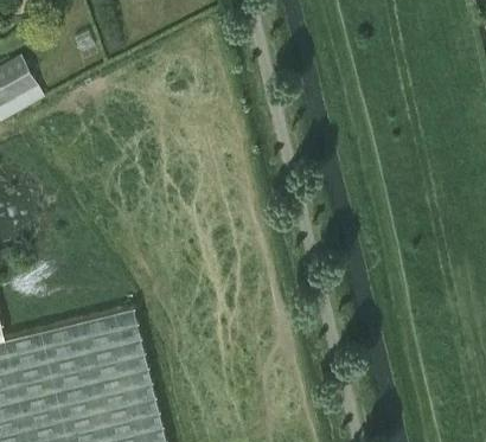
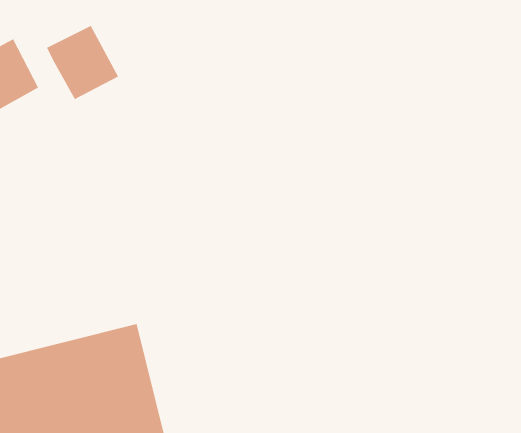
building: none -> [46,25,119,100]

